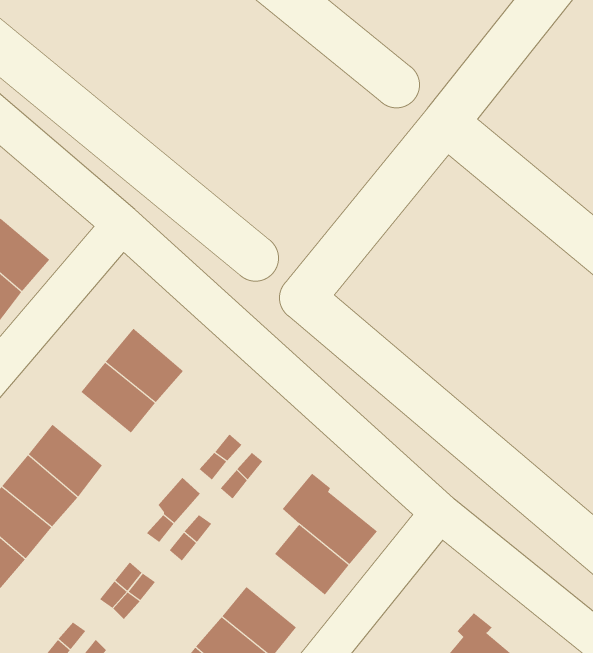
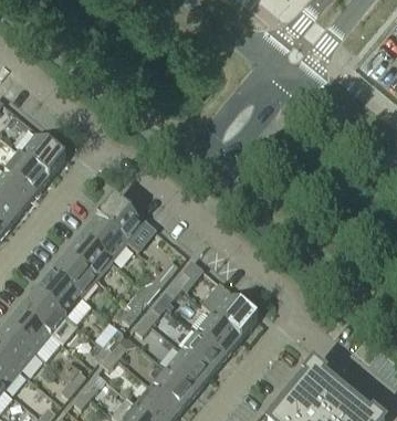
building: none -> [66,234,113,277]
building: none -> [180,329,227,372]

